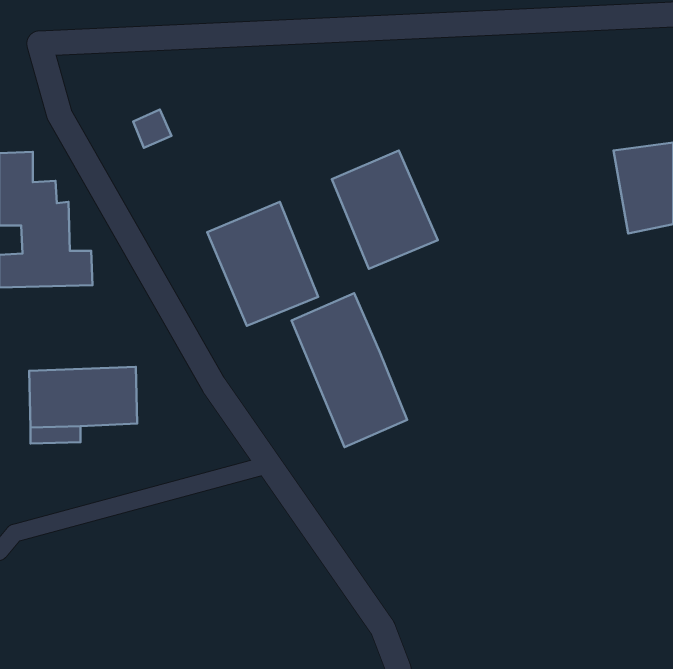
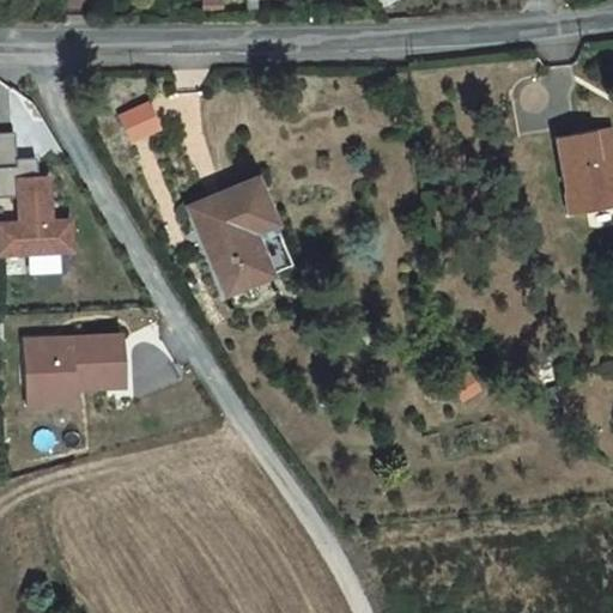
building: [332,150,438,269] -> none
building: [291,293,407,447] -> none

